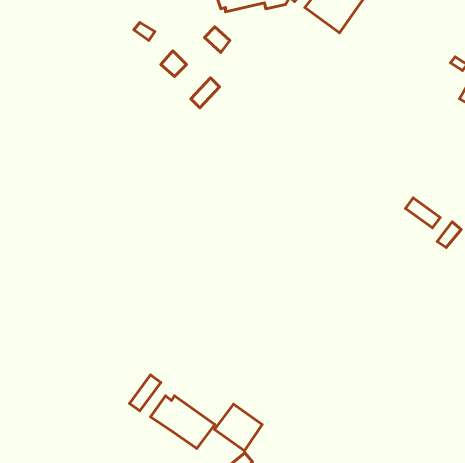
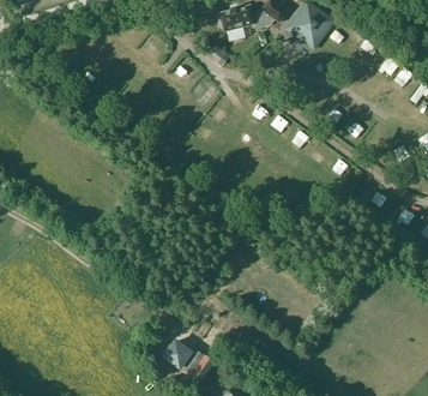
building: [214,404,262,451] -> none

